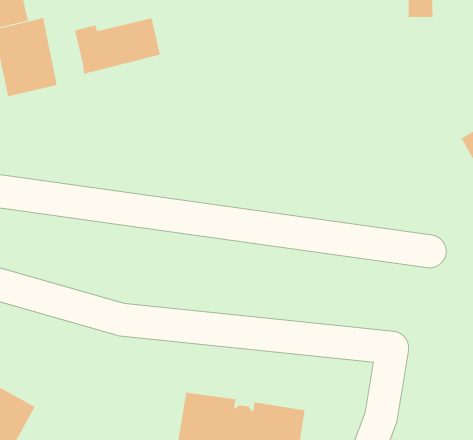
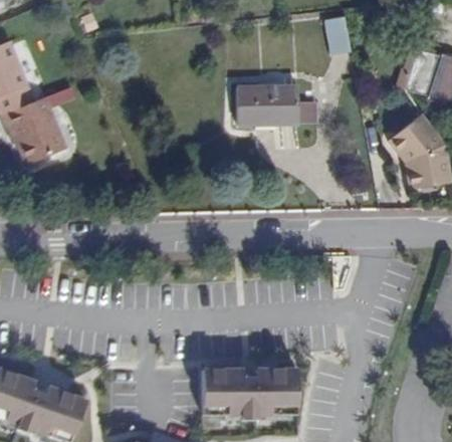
building: [75,17,161,74] -> none
building: none -> [237,85,298,123]

